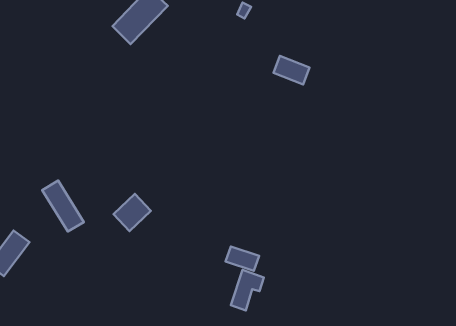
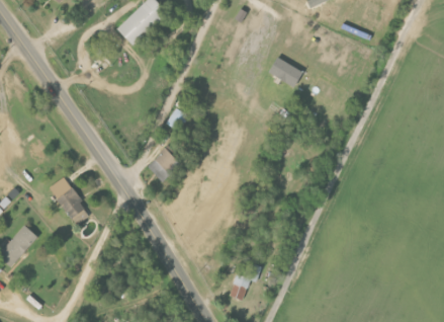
building: [114,194,151,231] -> [147,147,182,182]
building: [225,246,259,271] -> none

